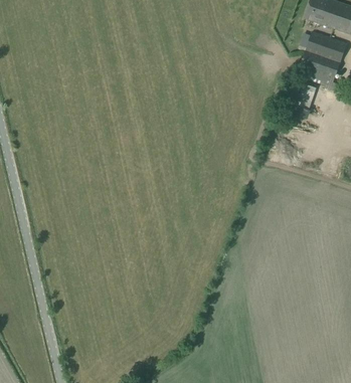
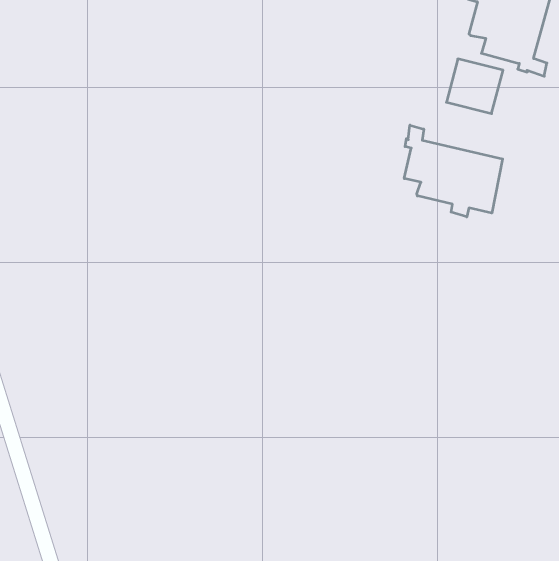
building: none -> [404,125,503,217]

